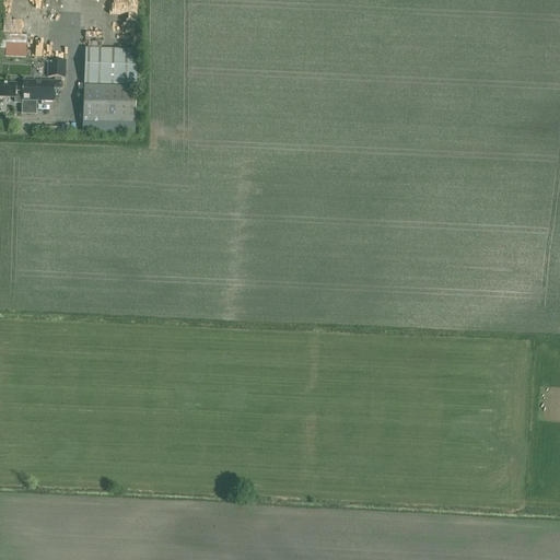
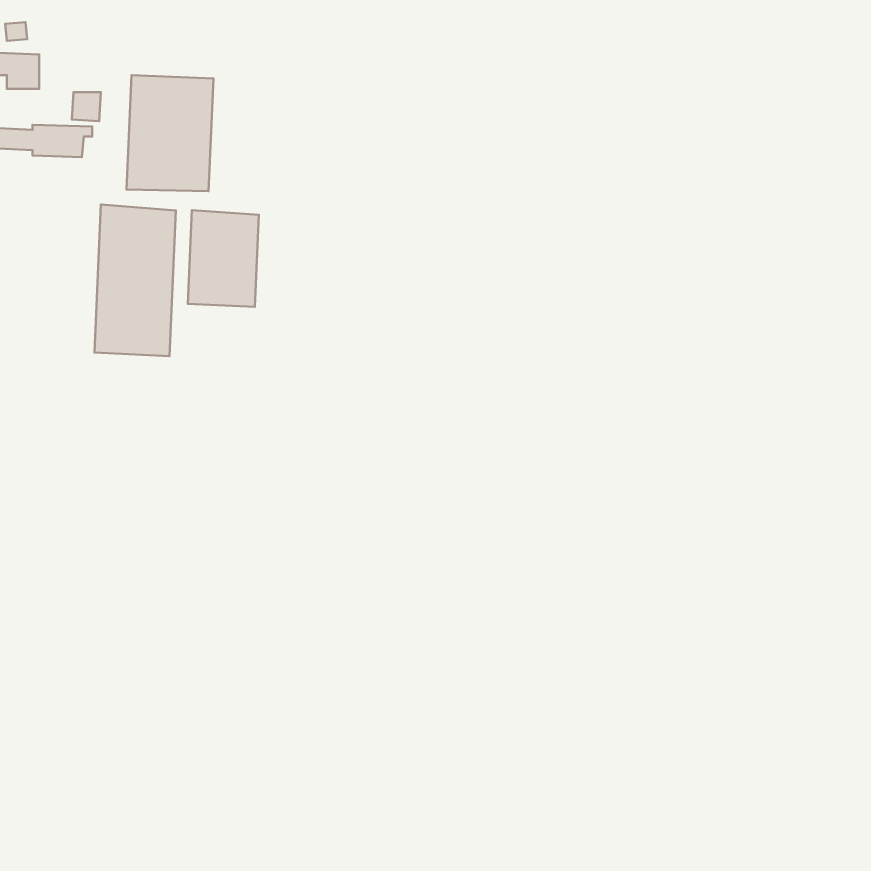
building: none -> [94,204,176,356]
building: none -> [188,210,259,307]

